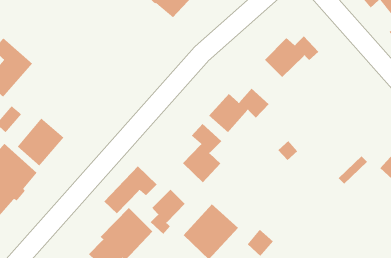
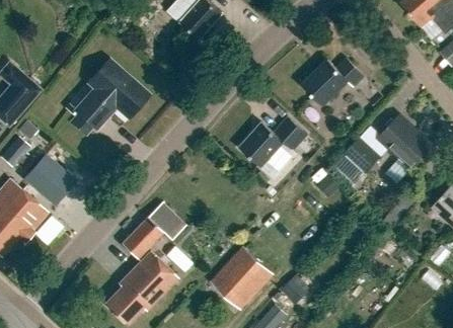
building: none -> [65,58,150,130]
building: none -> [344,114,434,173]
building: [182,123,222,183] -> none
building: [150,189,186,235] -> none

